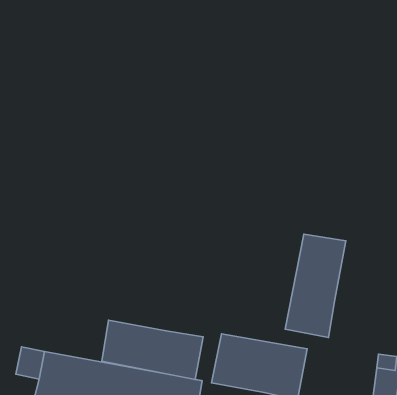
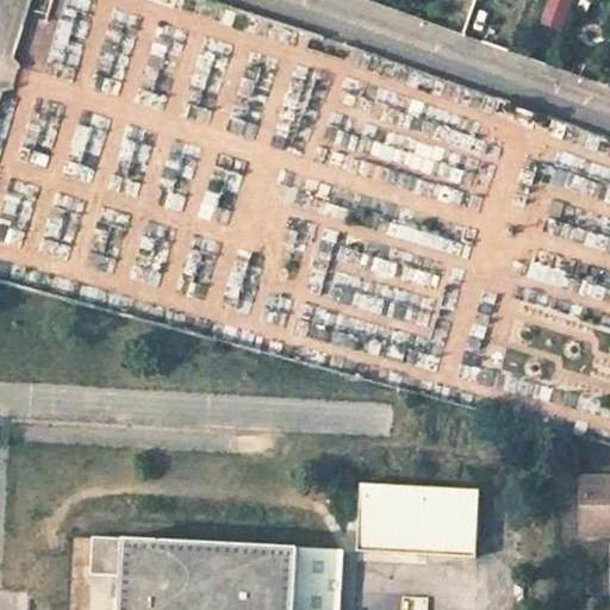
building: [285,234,346,337] -> none
building: [102,320,203,379] -> none

